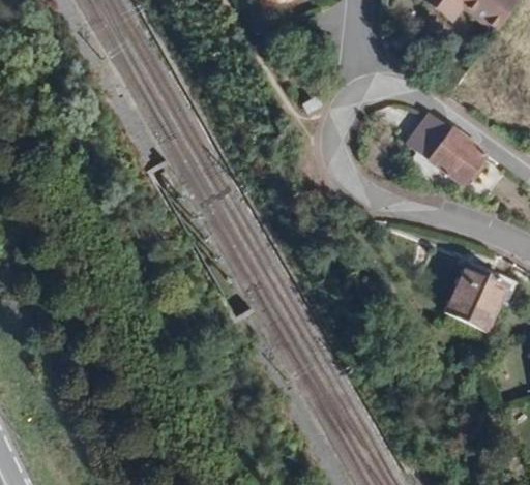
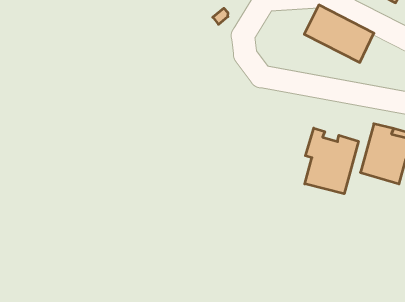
building: none -> [305,128,358,194]

